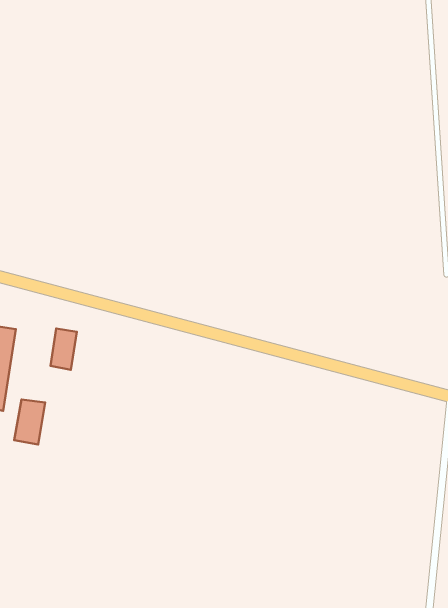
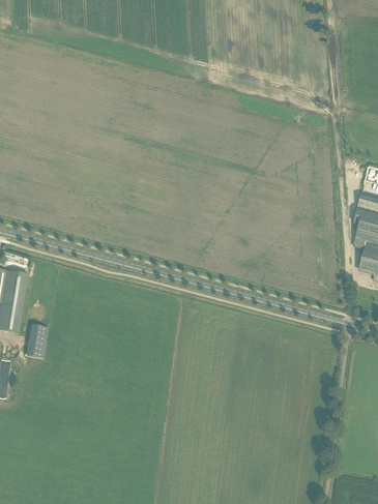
building: [51,329,77,370] -> none

